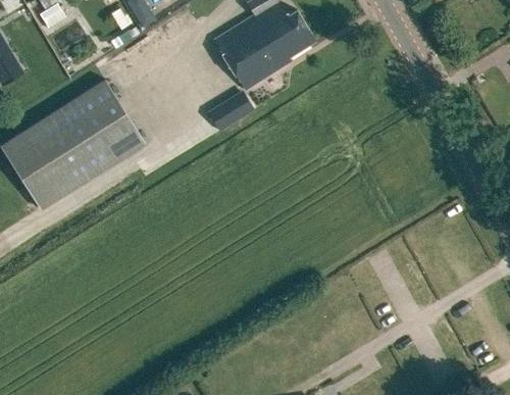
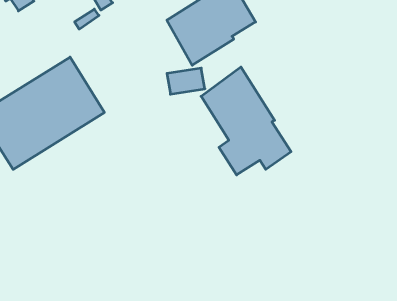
building: none -> [201,67,291,175]

